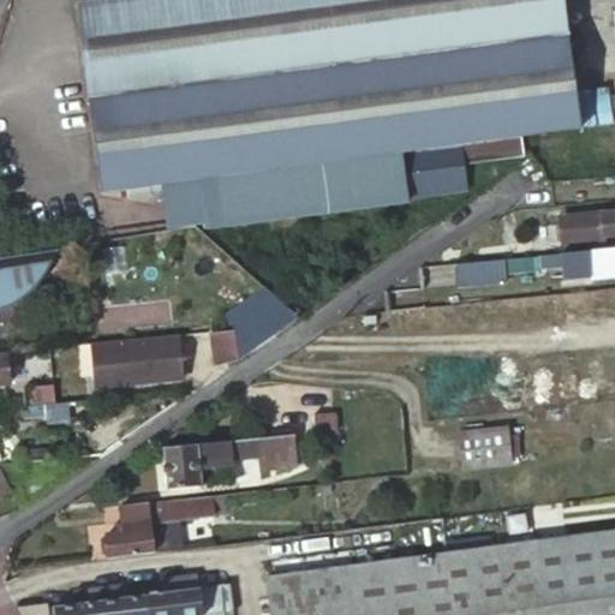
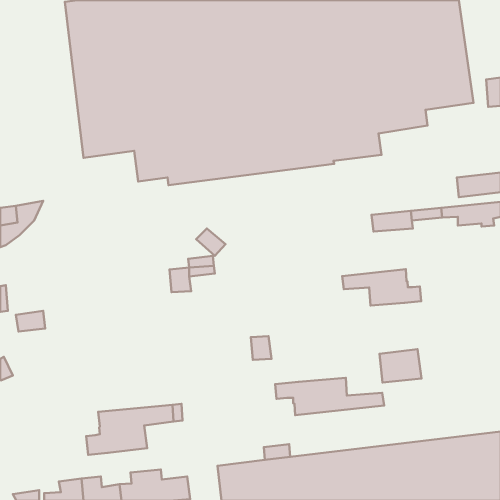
building: none -> [342,269,421,305]
building: [92,334,180,383] -> none
building: [163,436,293,491] -> none
building: none -> [275,378,384,415]

